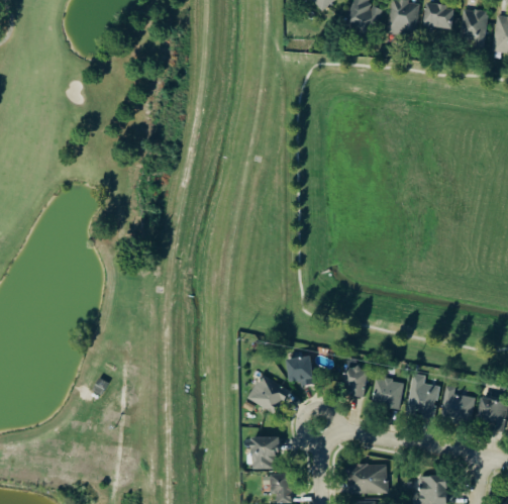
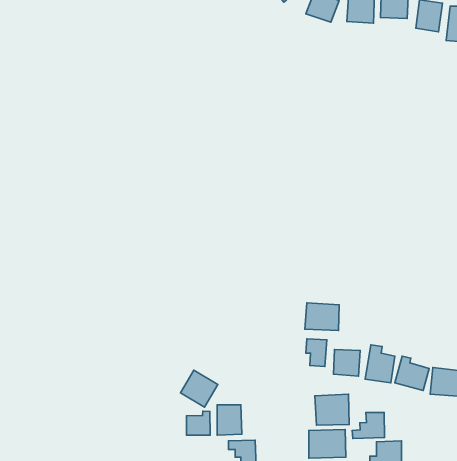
building: none -> [305,303,339,331]
building: [288,357,312,383] -> none
building: [248,374,288,413] -> [181,370,218,407]
building: none -> [315,394,349,425]
building: none -> [186,411,210,435]
building: none -> [352,413,385,438]

